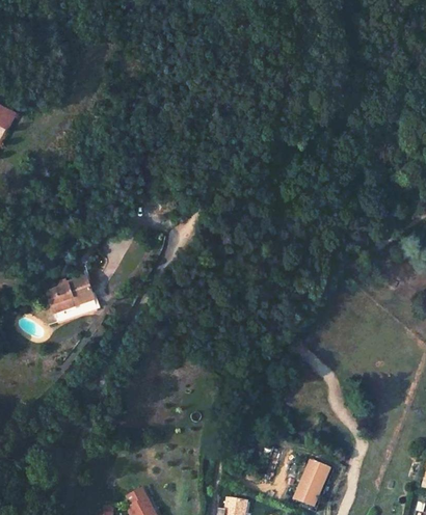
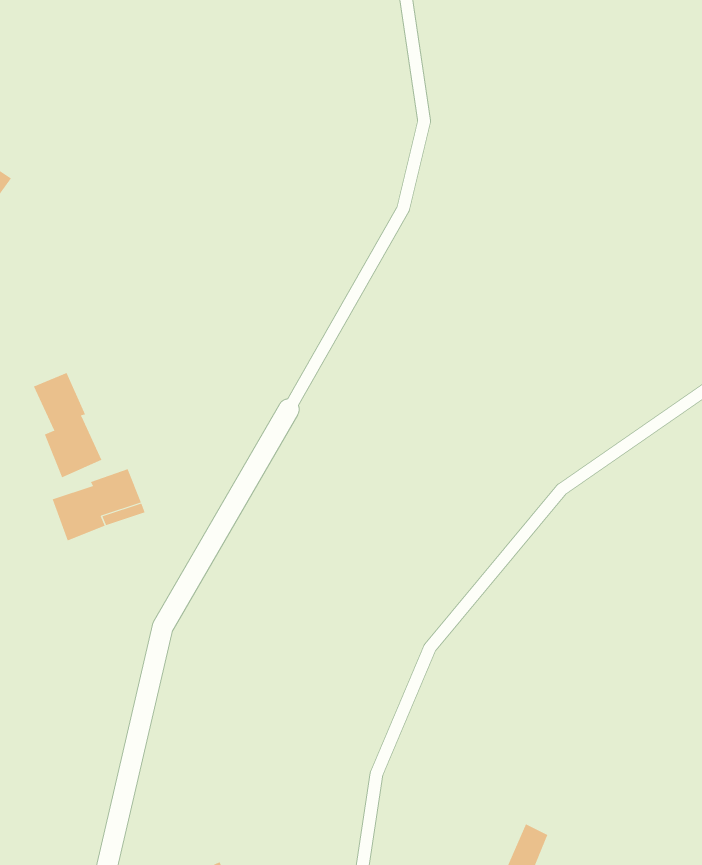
building: none -> [33,372,102,478]

